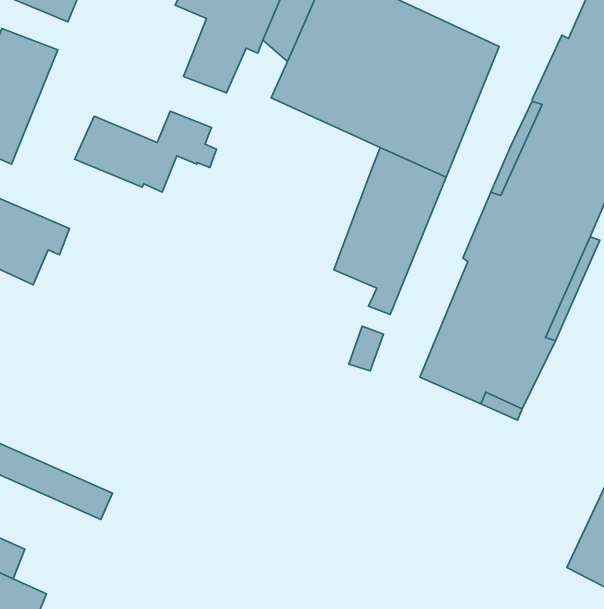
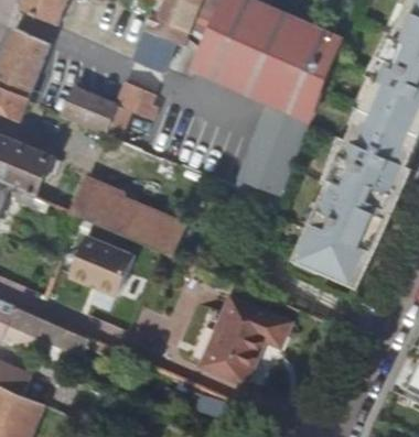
building: none -> [71,178,183,254]
building: none -> [69,236,135,296]
building: none -> [202,296,289,381]

